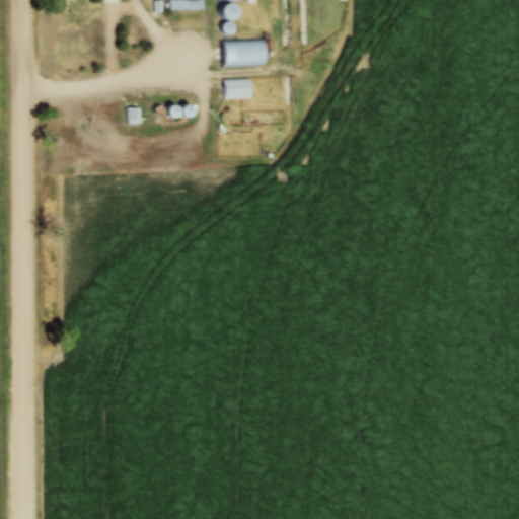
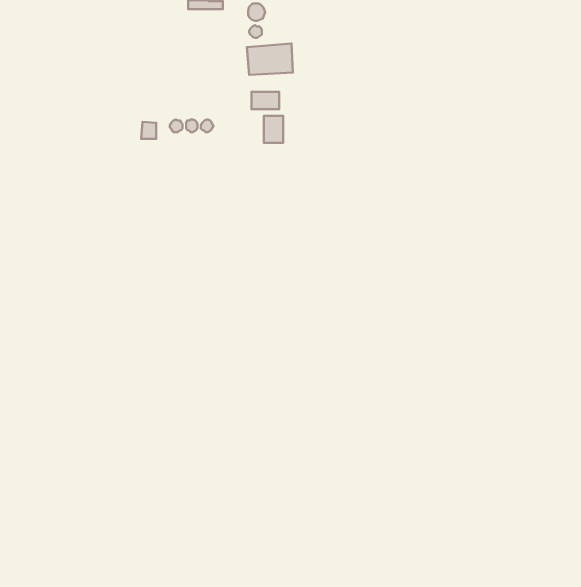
building: none -> [264,116,283,143]

